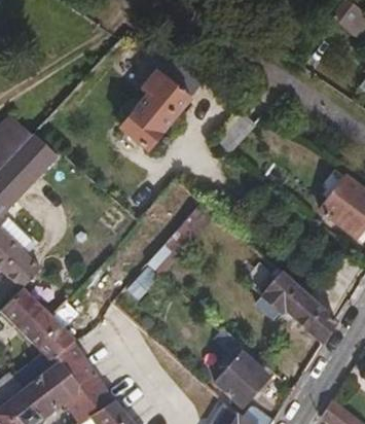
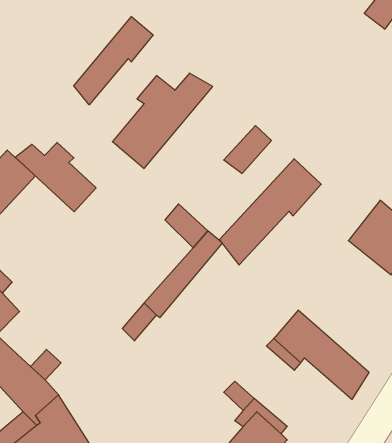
building: none -> [74,17,153,105]
building: none -> [15,142,96,212]
building: none -> [220,159,321,265]

